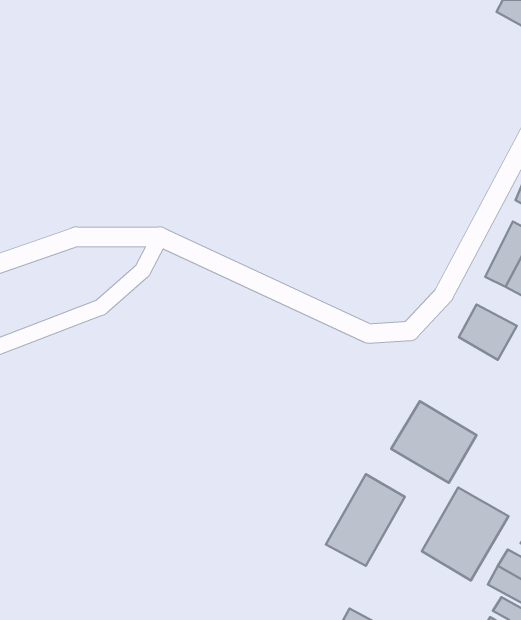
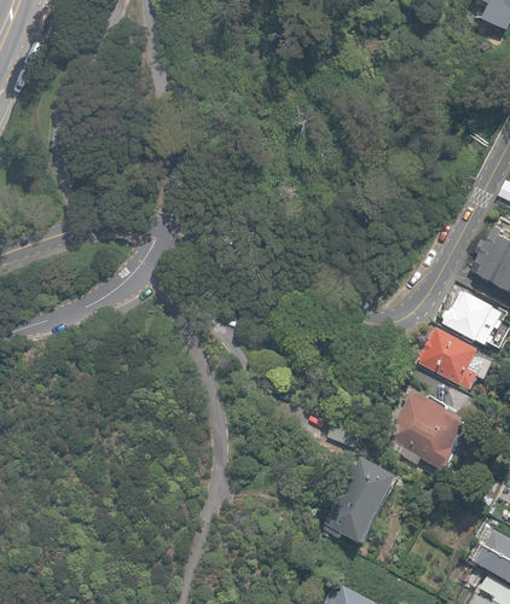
building: none -> [419,327,494,390]
building: [422,488,509,580] -> none

